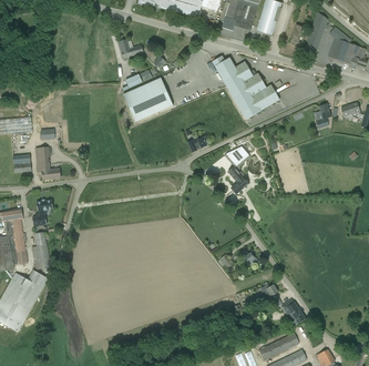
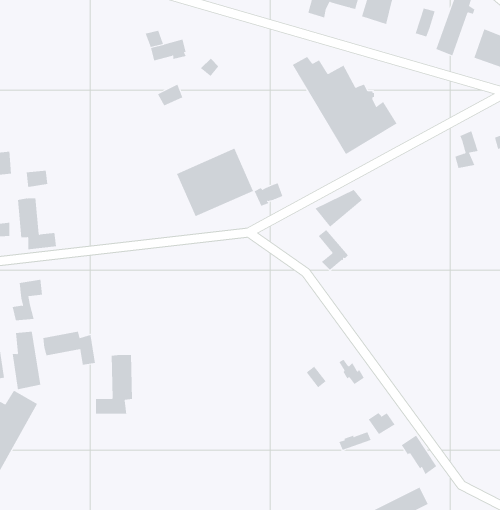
building: [123,78,173,122] -> [176,148,254,217]
building: none -> [43,331,96,365]
building: none -> [95,354,133,415]

